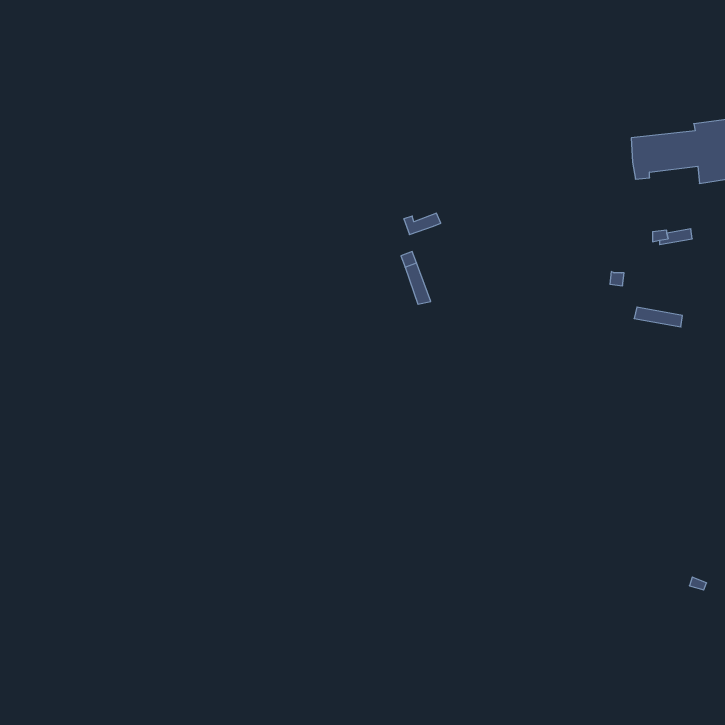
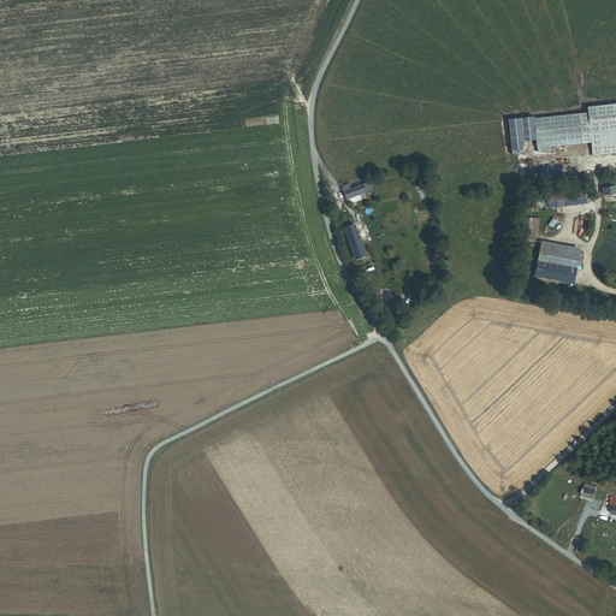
building: none -> [509,116,537,154]
building: none -> [539,242,581,268]

